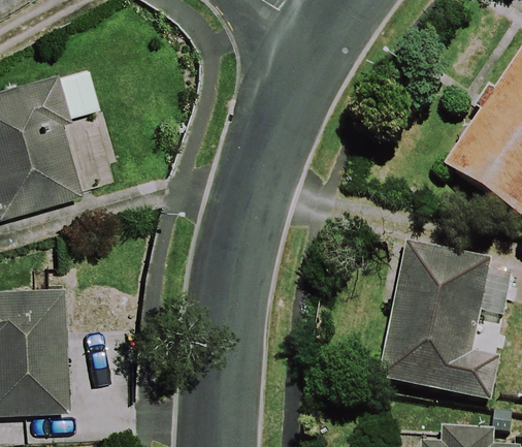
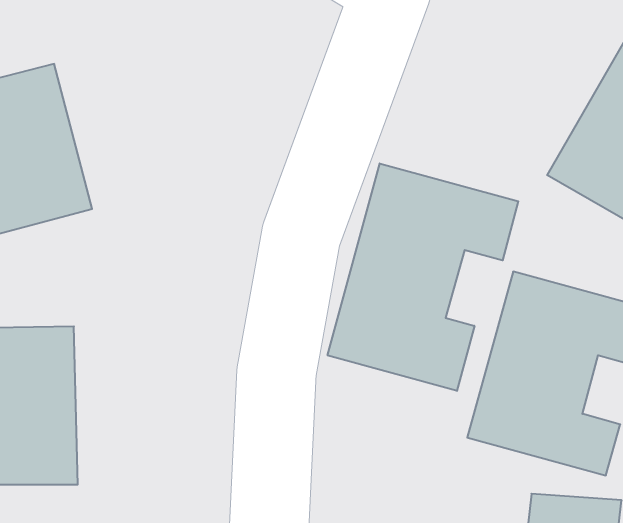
building: none -> [328,163,518,391]

